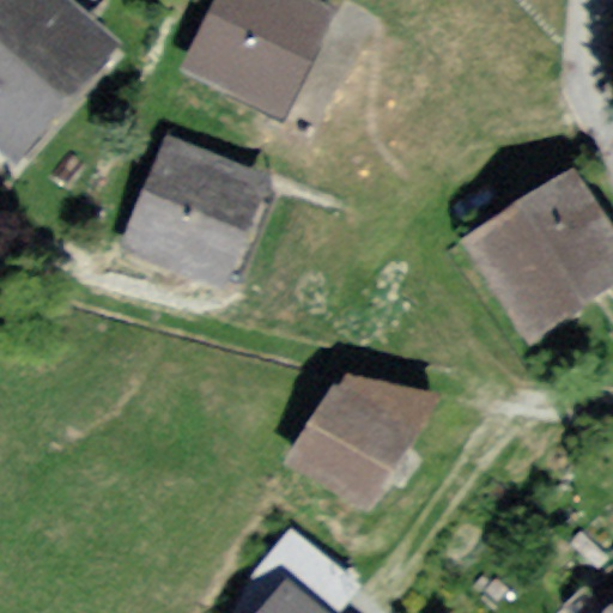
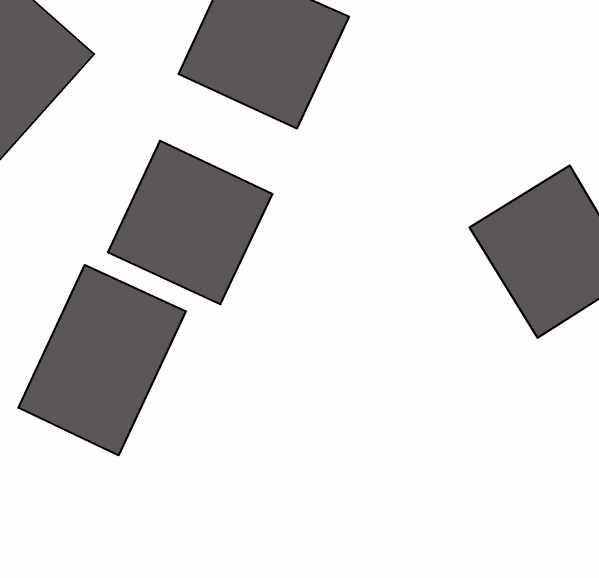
building: none -> [18,265,186,455]
building: [277,356,442,523] -> none

